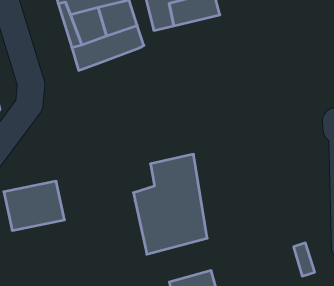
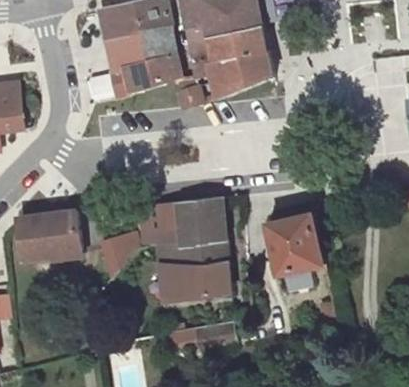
building: none -> [177,51,273,108]
building: none -> [270,214,326,273]
building: none -> [103,203,179,277]

